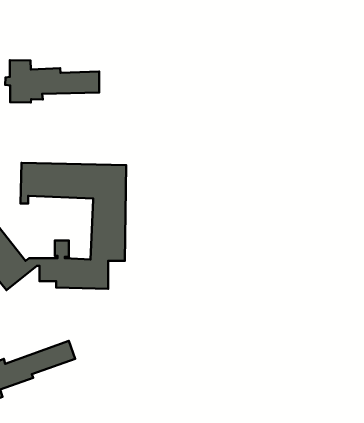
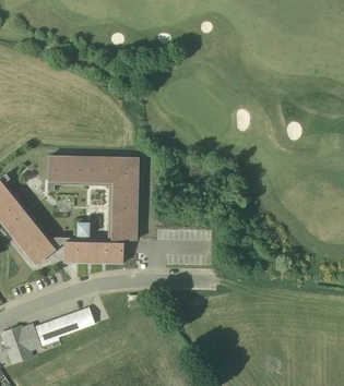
building: [5,60,99,102] -> none

